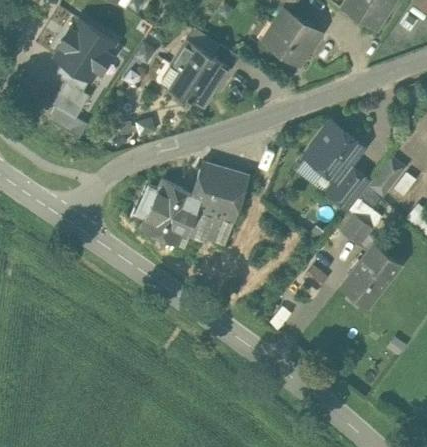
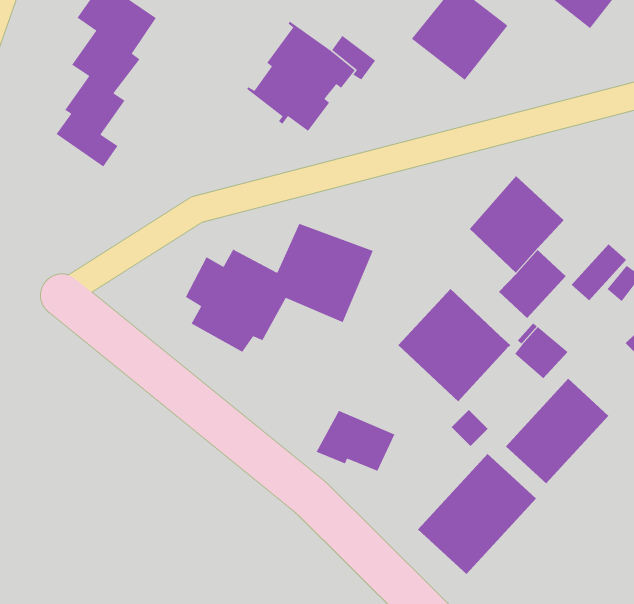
building: none -> [397,288,511,402]
building: [186,208,234,244] -> [315,410,396,472]
building: none -> [417,453,537,575]

